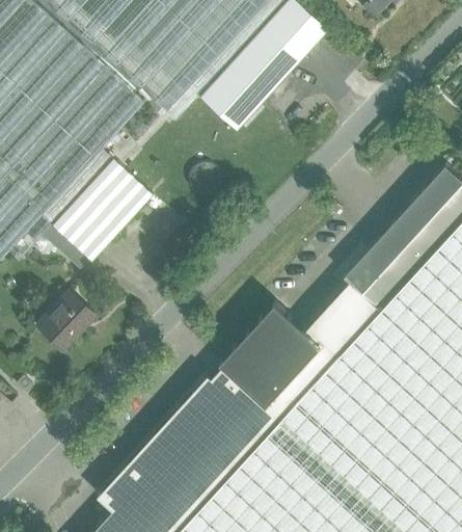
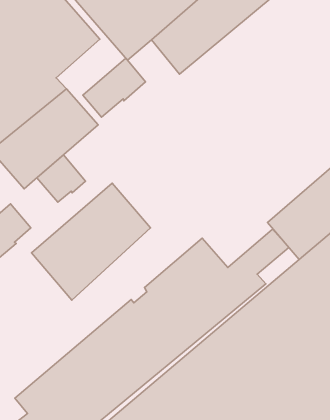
building: none -> [83,58,145,117]
building: none -> [37,155,85,202]
building: none -> [32,183,150,300]

